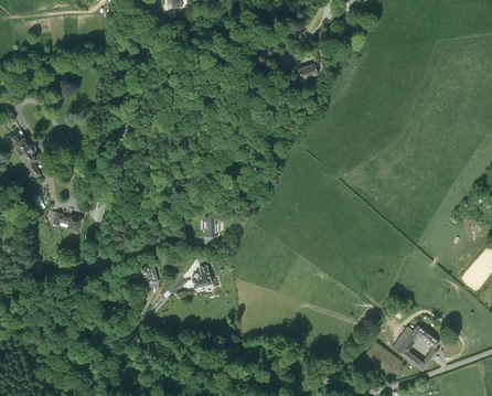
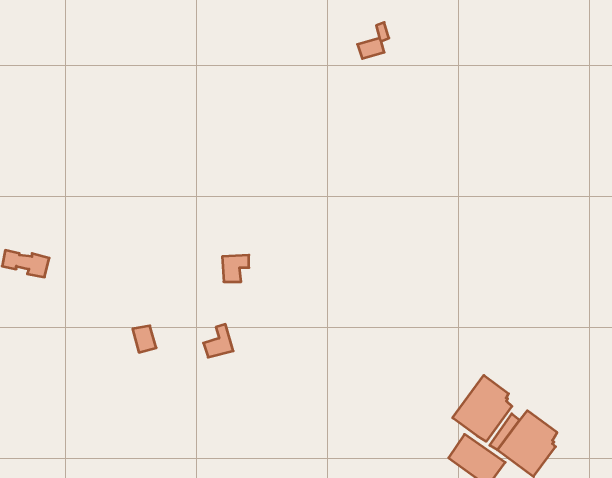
building: none -> [453,375,512,441]

